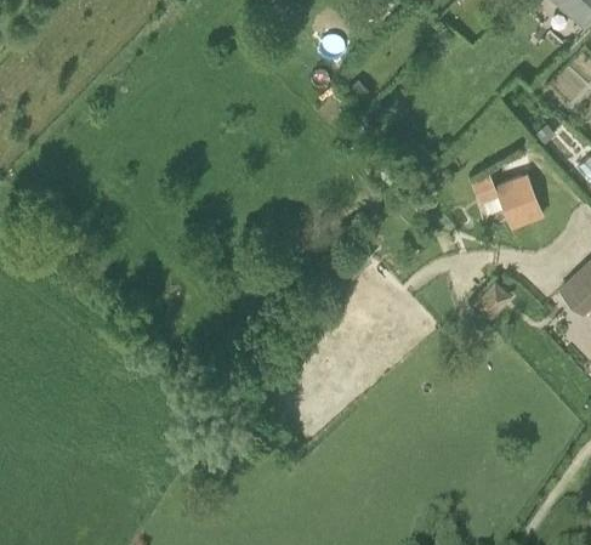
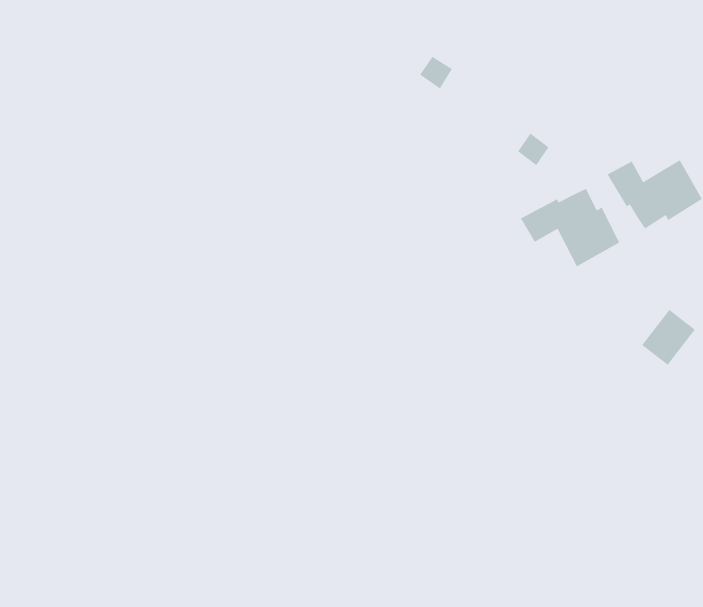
building: none -> [520,188,620,267]

